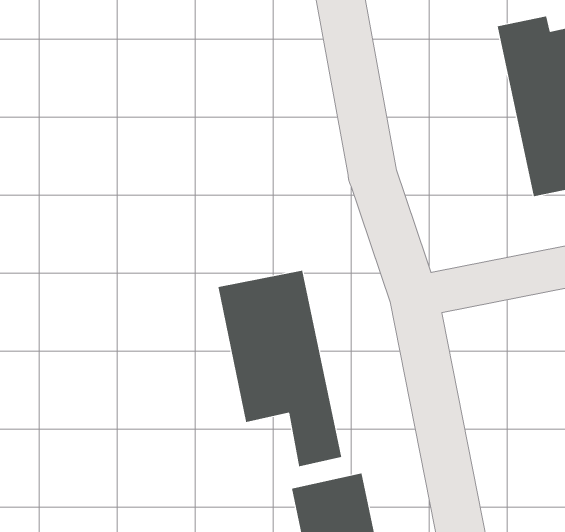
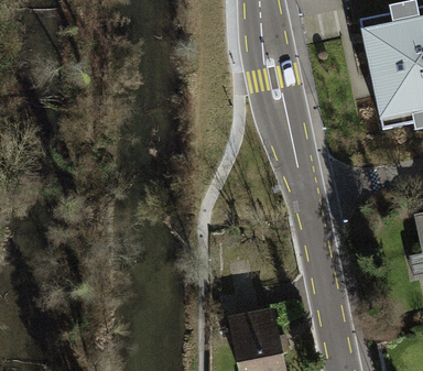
building: [218,270,342,467] -> none

